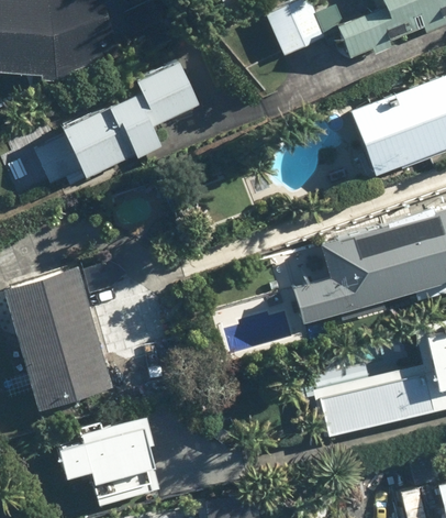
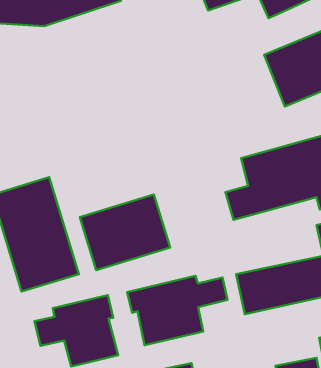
building: [31,62,196,187] -> none
building: none -> [80,194,170,270]
building: none -> [127,276,227,345]

